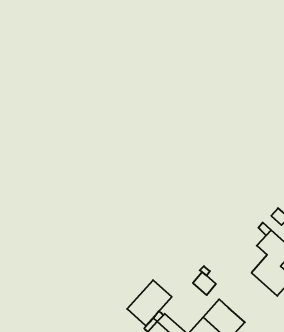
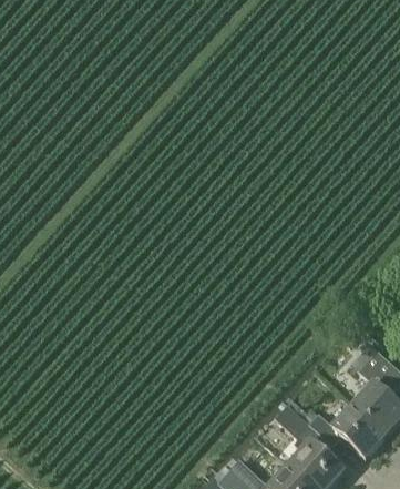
building: none -> [308,406,384,458]
building: [127,280,172,326] -> none

